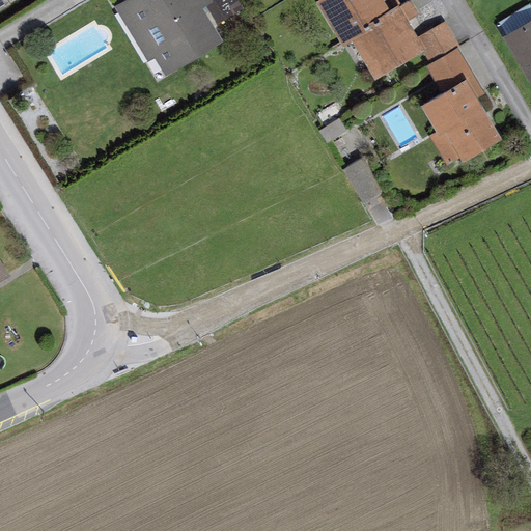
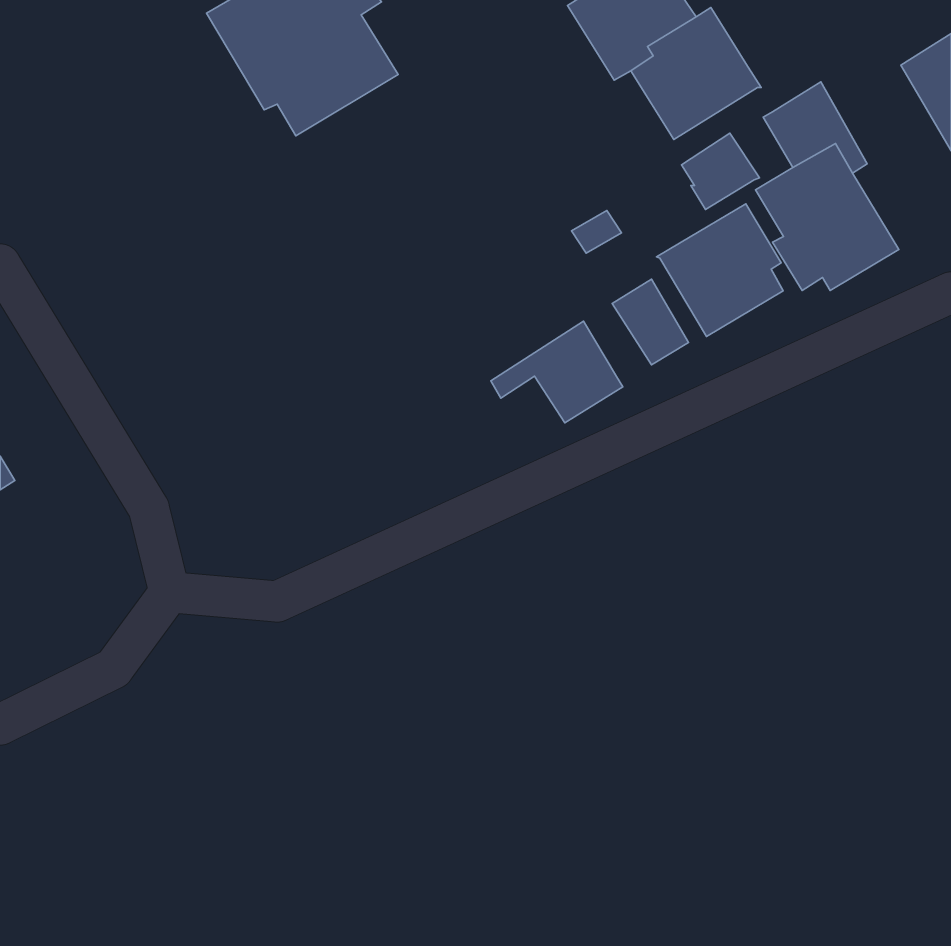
building: [417,20,460,62] -> [681,133,760,210]
building: none -> [657,204,783,337]
building: none -> [491,321,623,423]

